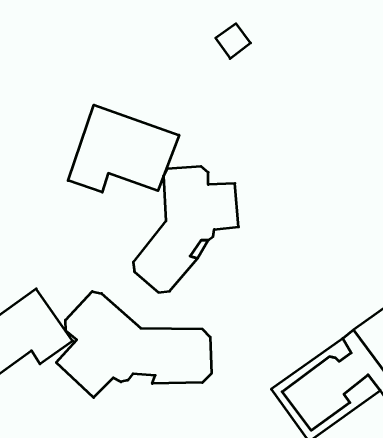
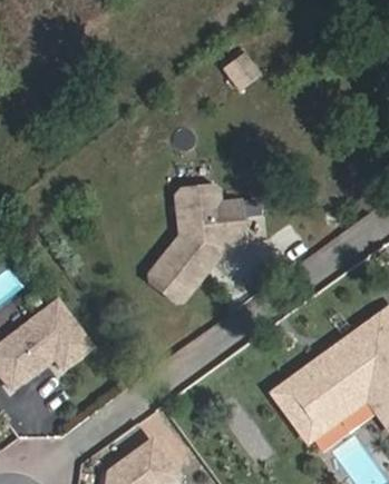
building: [68,105,179,192] -> none
building: [56,291,211,398] -> none

